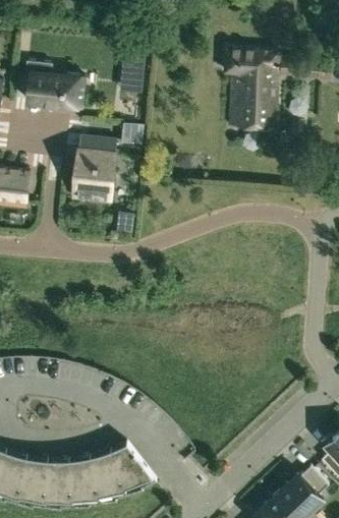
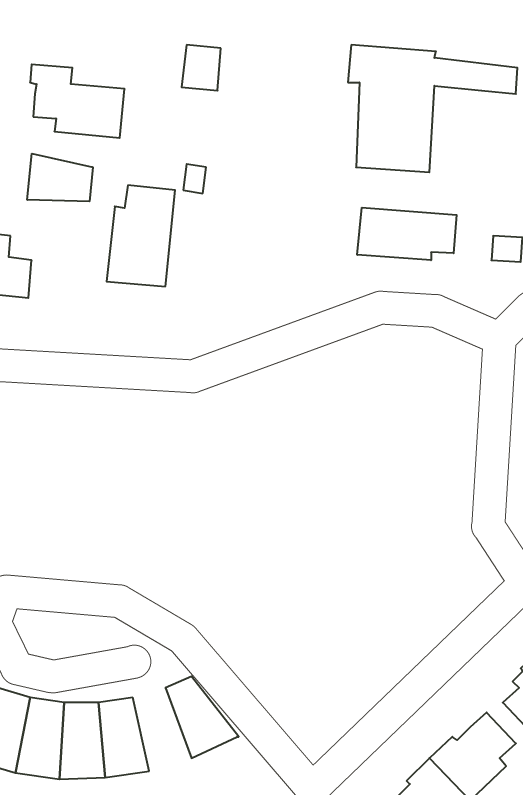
building: none -> [27,154,93,201]
building: none -> [357,208,457,260]
building: [90,450,126,502] -> none

